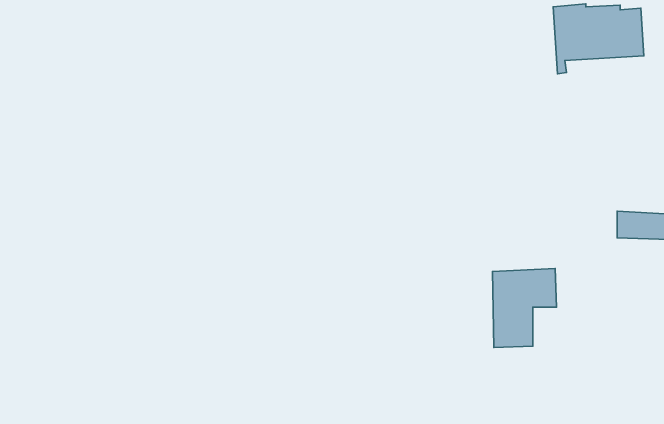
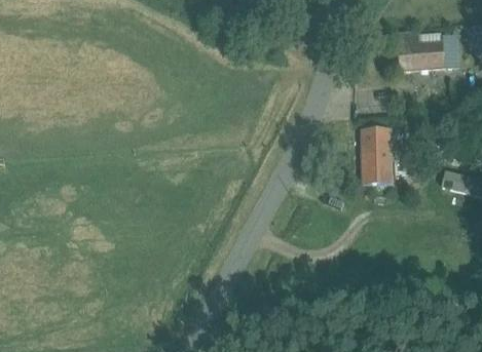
building: [492,268,557,348] -> [362,127,406,182]

